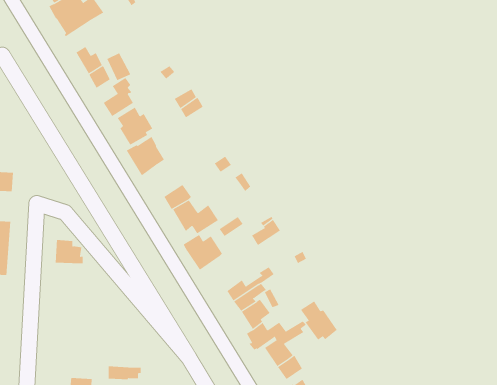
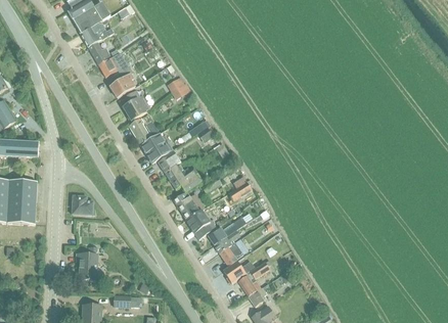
building: none -> [80,21,114,47]
building: none -> [140,133,172,164]
building: none -> [186,209,215,239]
building: [300,301,338,341] -> none
building: none -> [76,252,97,280]

